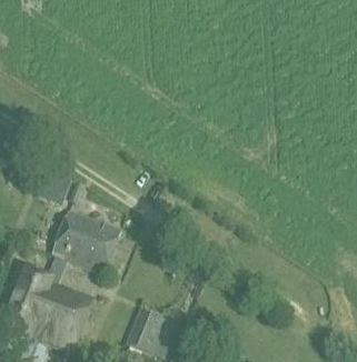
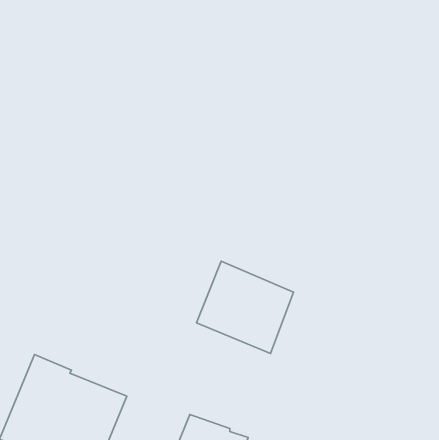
building: [50,207,120,273] -> [197,261,293,353]

